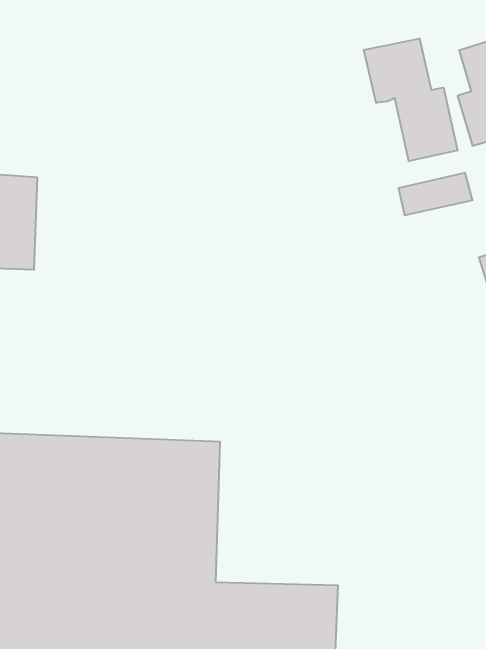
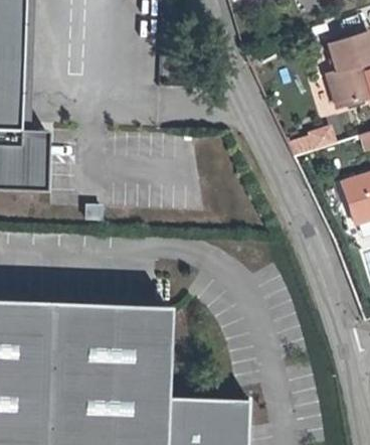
building: [364,38,458,161] -> none

